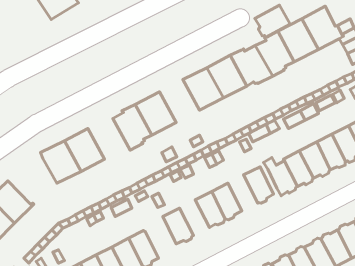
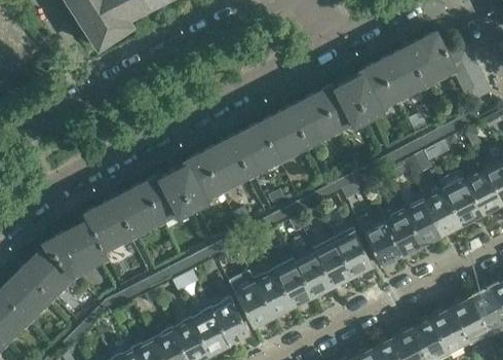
building: [255,5,290,37] -> none
building: none -> [231,121,280,175]
building: none -> [143,170,195,220]
building: none -> [44,219,109,276]
building: none -> [315,240,352,285]
building: none -> [256,271,293,315]
building: none -> [214,300,249,344]

